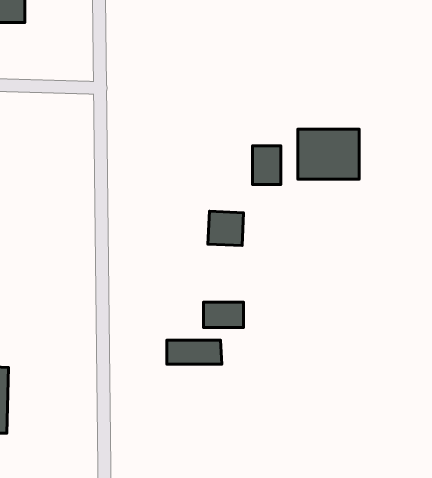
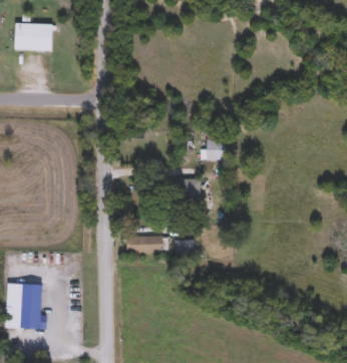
building: [298,129,359,179] -> none
building: [167,340,222,364] -> [125,237,162,253]

